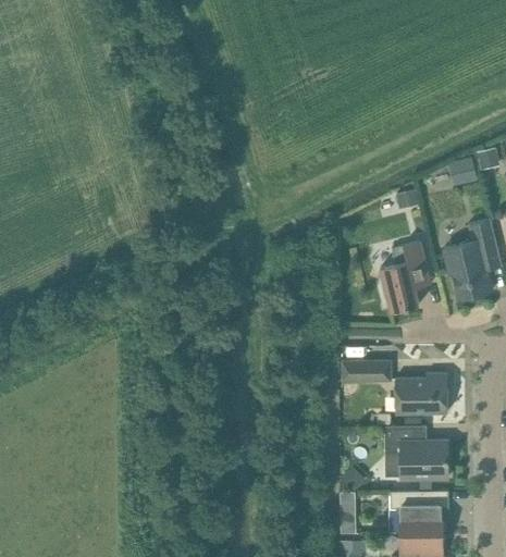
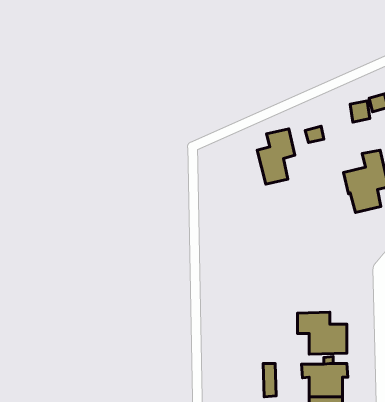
building: [380,243,428,313] -> [257,129,295,184]
building: [343,362,391,382] -> none
building: [395,374,447,414] -> none

